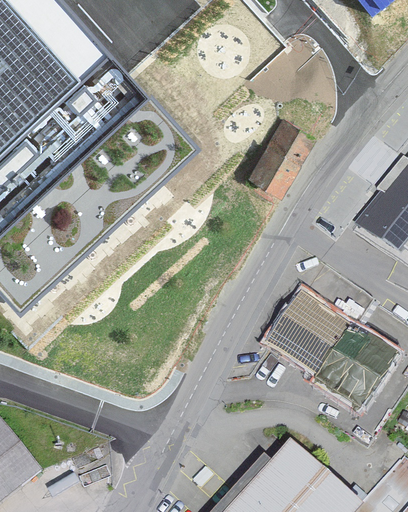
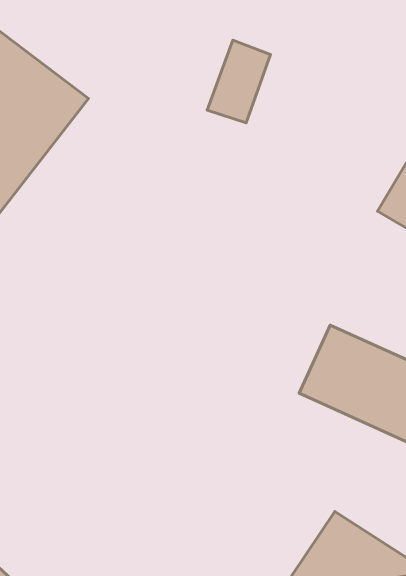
building: [256,127,313,194] -> [207,40,270,123]

